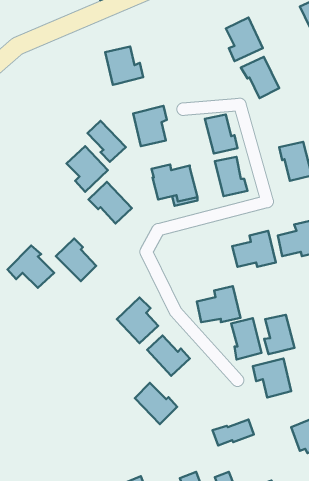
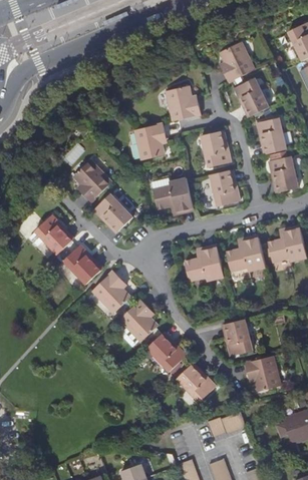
building: [105,47,143,85] -> [165,86,200,121]
building: none -> [256,118,286,153]
building: [88,121,126,162] -> none
building: [7,245,54,288] -> [28,215,71,255]
building: none -> [91,272,129,314]
building: [197,286,240,322] -> [184,248,224,281]
building: [264,315,295,354] -> none
building: [135,383,177,424] -> [176,365,215,403]

